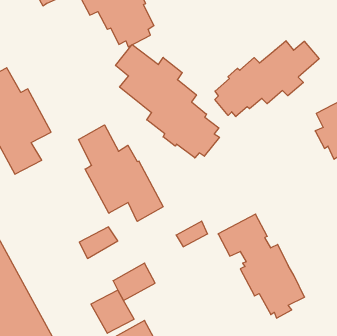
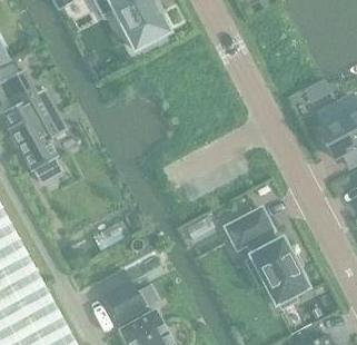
building: [215,41,319,117] -> none
building: [116,45,219,158] -> none
building: [79,125,163,221] -> none

